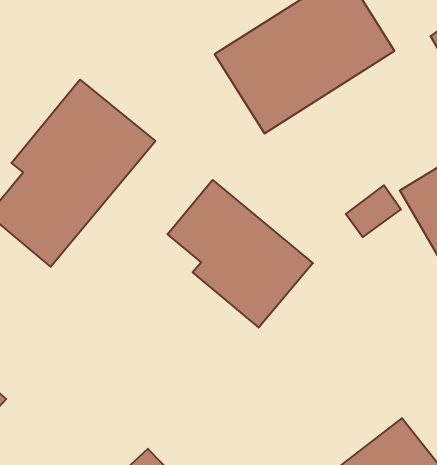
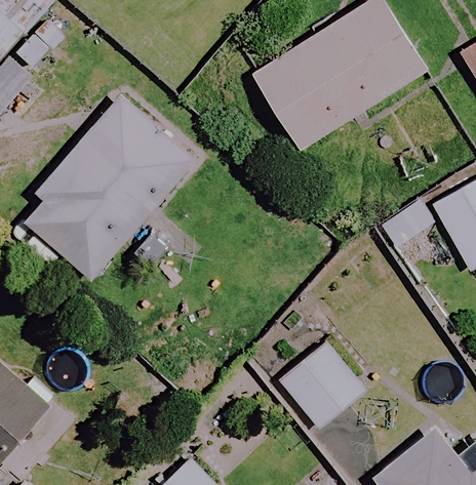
building: [167,180,313,328] -> none
building: none -> [271,343,365,436]

